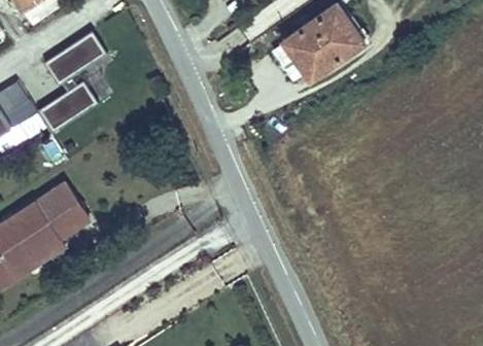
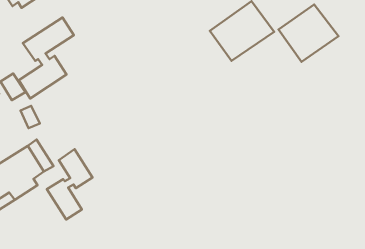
building: none -> [279,4,339,62]
building: none -> [47,149,92,220]

